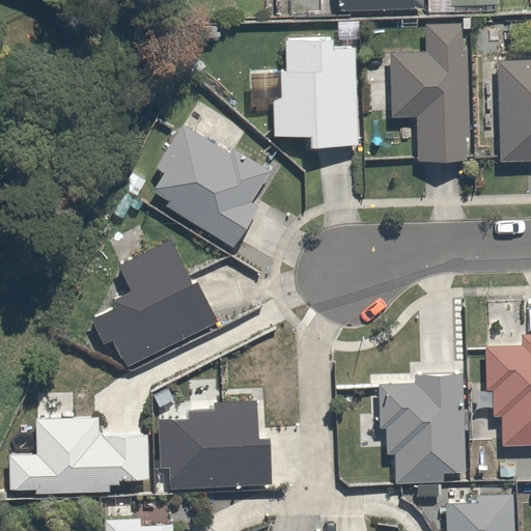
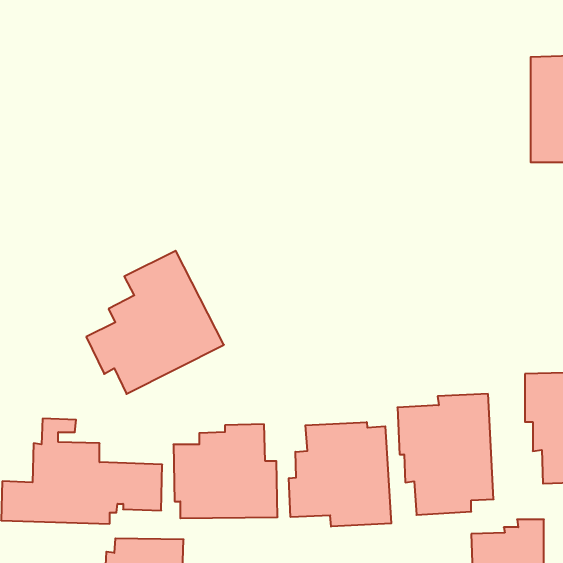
building: [392,23,470,160] -> none
building: [273,46,357,143] -> none
building: [150,124,269,248] -> none
building: none -> [289,422,391,527]

